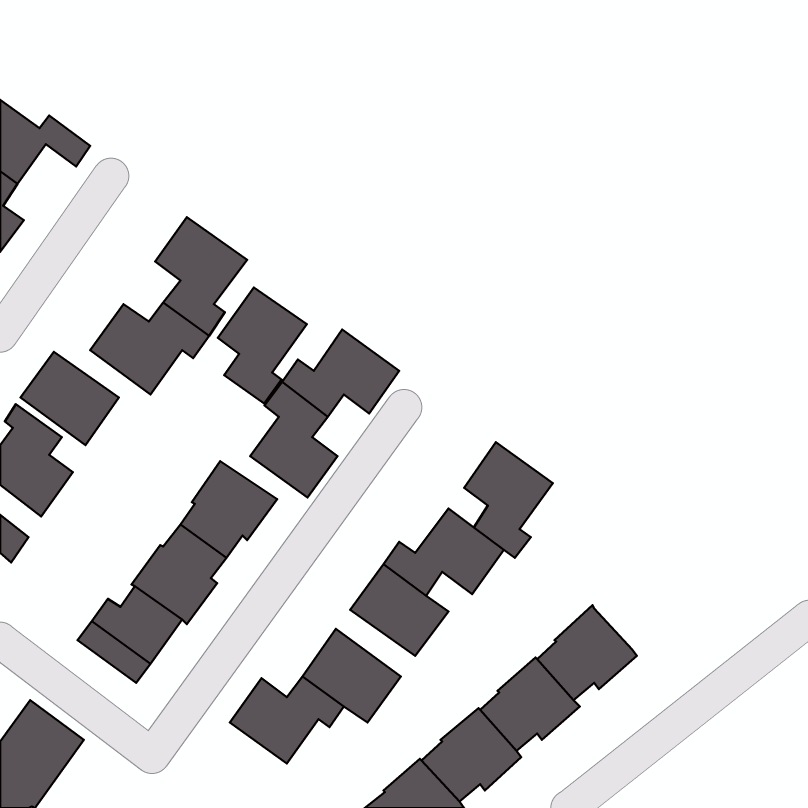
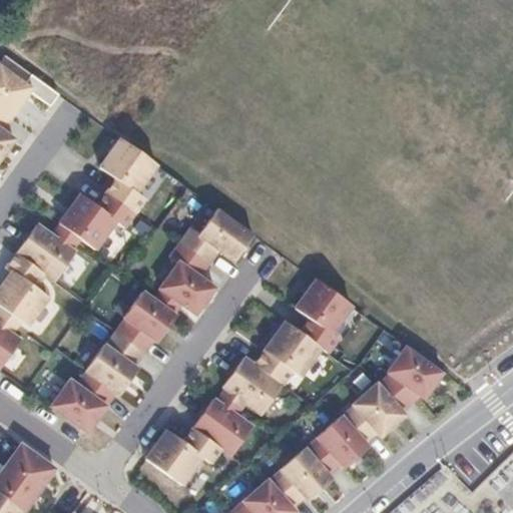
building: [218,287,307,404] -> none
building: none -> [377,347,441,411]

